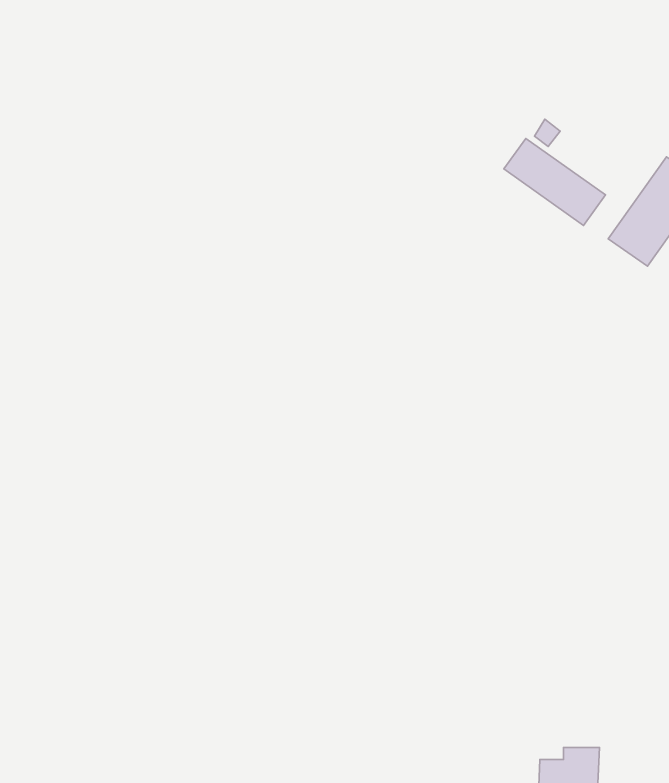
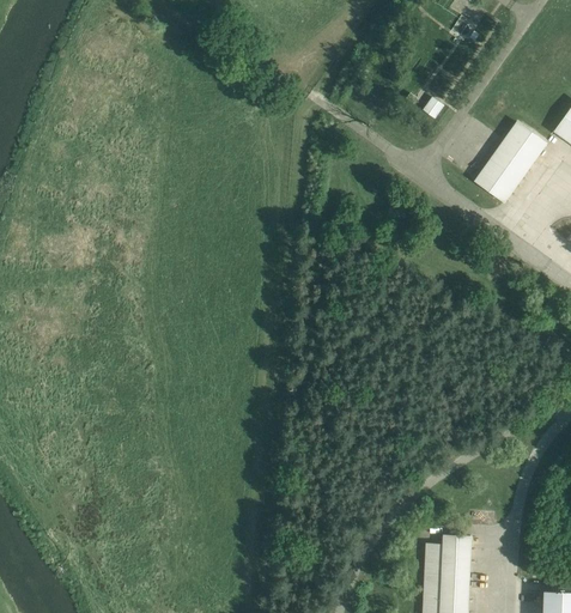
building: [504,139,605,225] -> none

